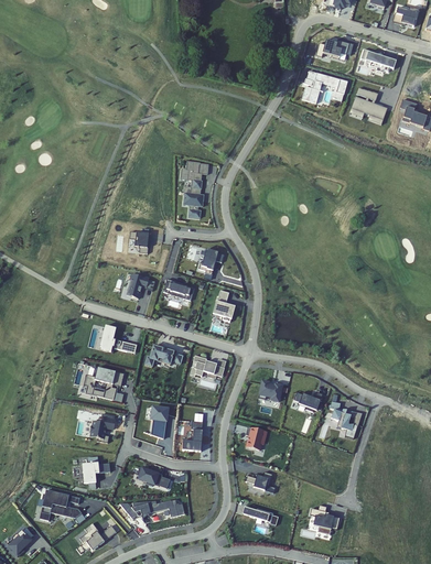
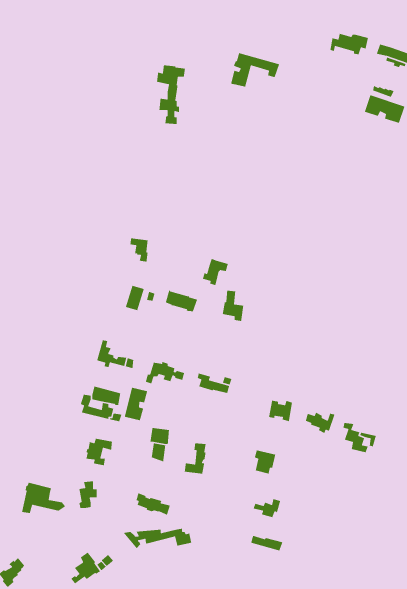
building: [302,69,348,102] -> [230,52,280,88]
building: [181,161,208,217] -> [156,65,186,125]
building: none -> [124,387,148,421]
building: [40,489,82,519] -> [21,482,66,514]
building: [311,508,341,534] -> none

